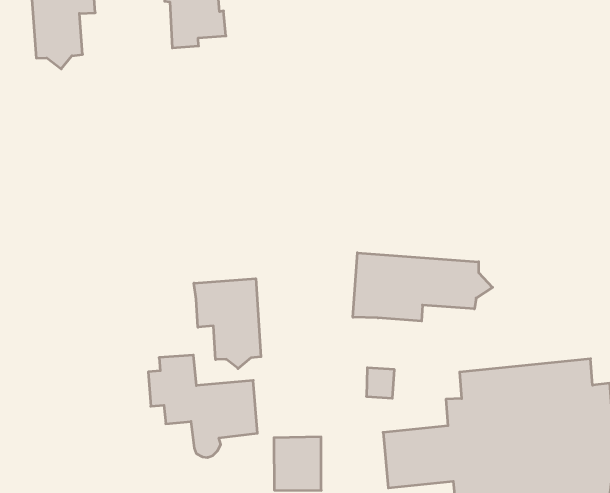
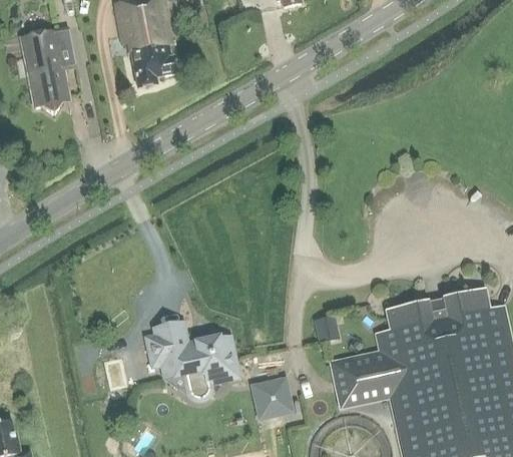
building: [353,253,493,321] -> none
building: [194,279,261,369] -> none

